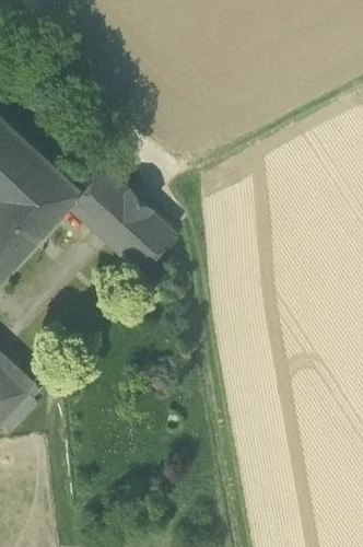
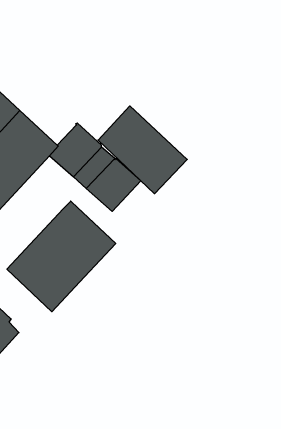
building: none -> [98,106,187,194]
building: none -> [7,201,116,312]

